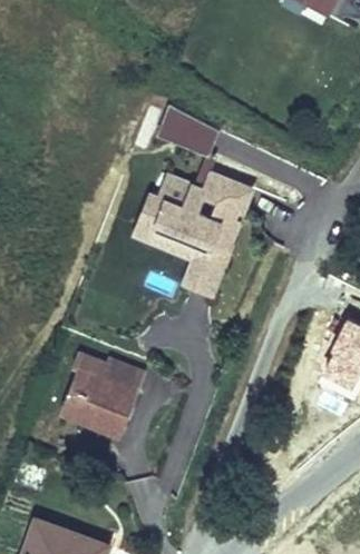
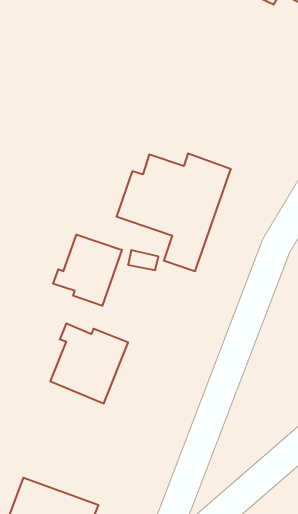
building: [156,105,218,156] -> none
building: none -> [53,235,122,306]

